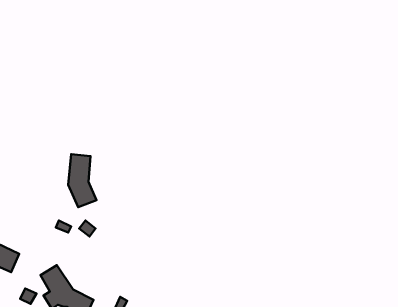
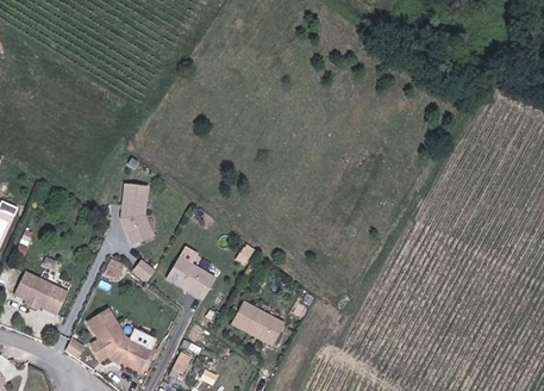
building: none -> [165,255,214,298]
building: none -> [232,298,284,341]

